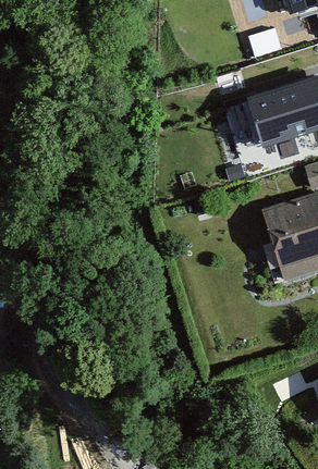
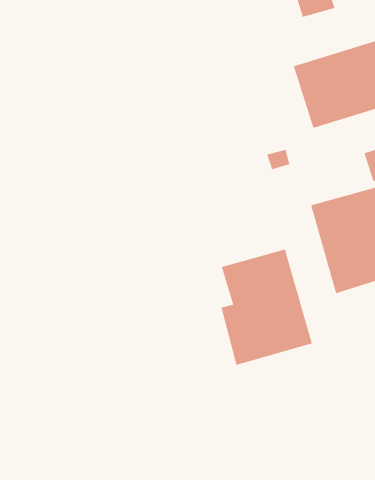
building: none -> [220,249,313,366]

